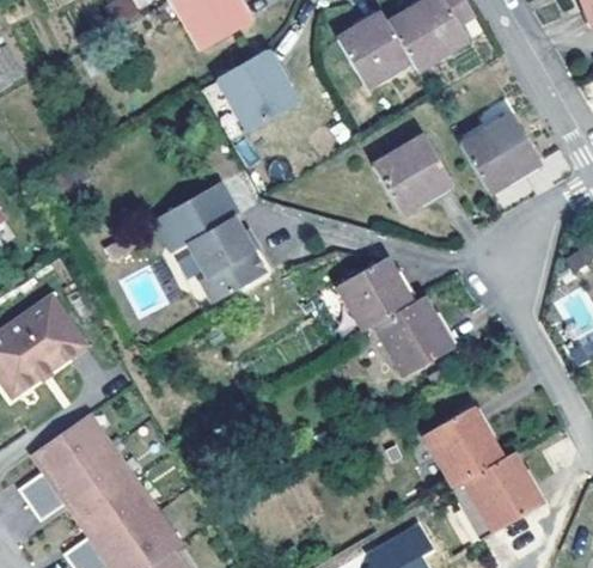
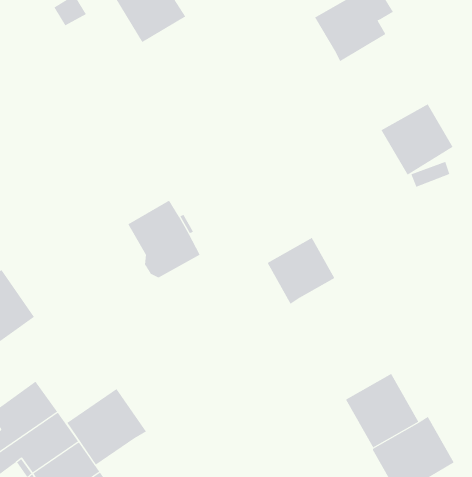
building: [338,10,412,86] -> none
building: [219,49,298,128] -> none
building: [374,134,454,212] -> none
building: [158,183,238,249] -> none
building: [374,297,452,375] -> none
building: none -> [67,388,147,466]

